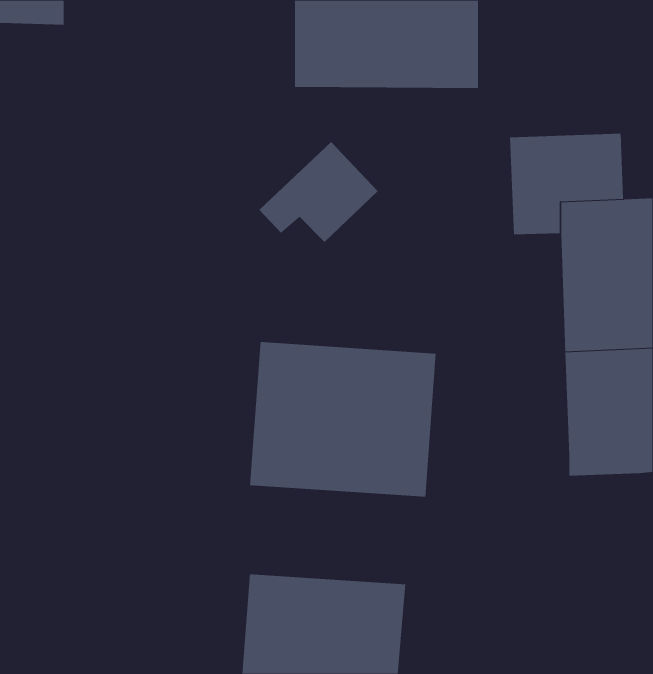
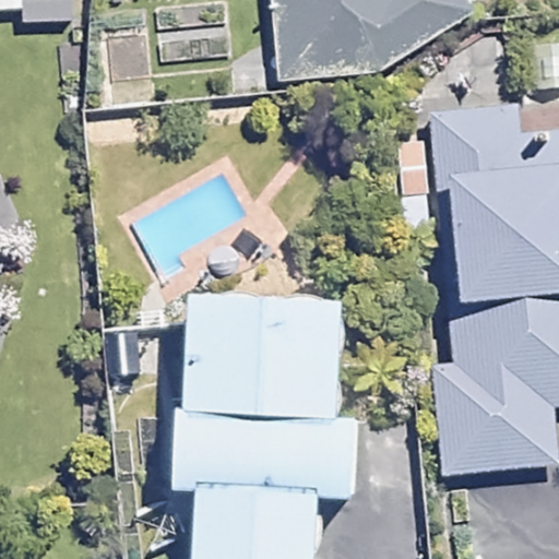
building: none -> [414,377,532,464]
building: none -> [183,401,382,487]

